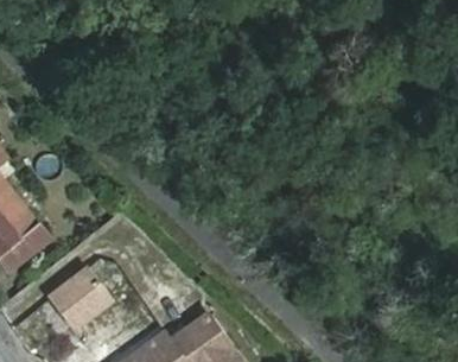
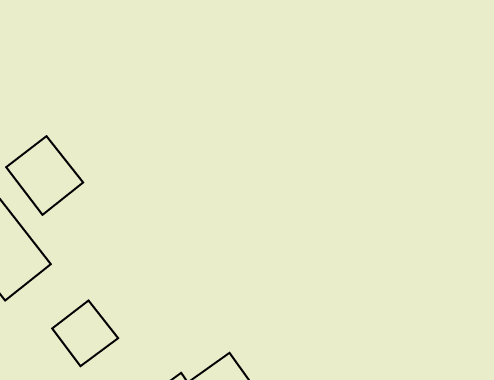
building: none -> [6,136,83,215]

